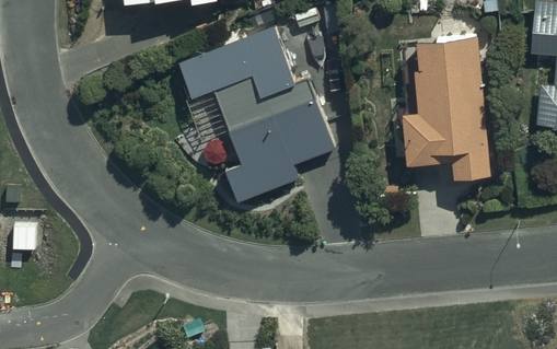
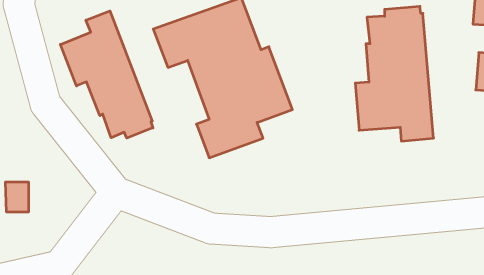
building: none -> [60,11,153,138]

